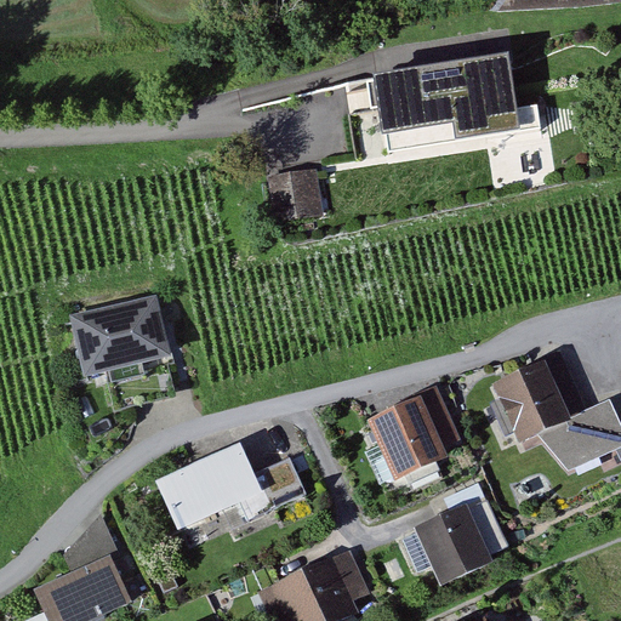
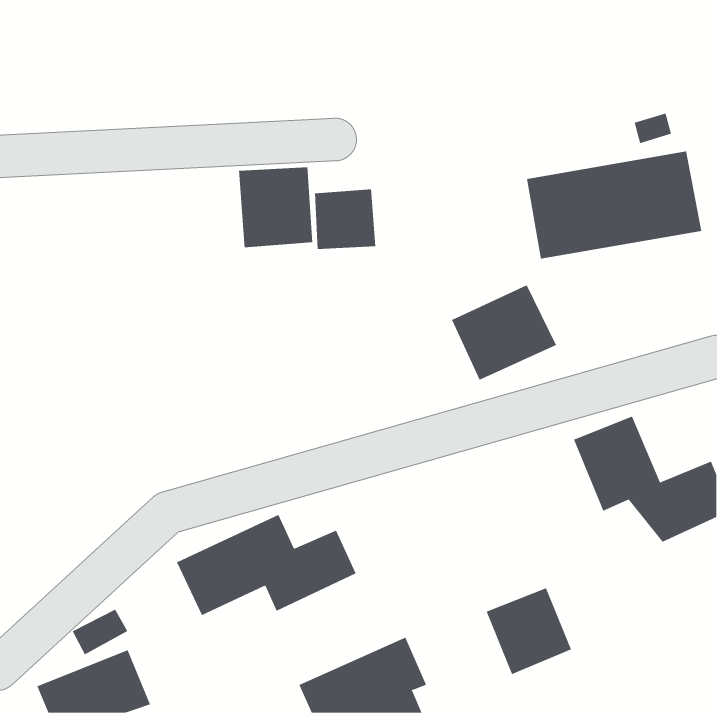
building: [369,59,520,153] -> [526,151,702,259]
building: none -> [238,166,313,248]
building: [70,298,167,372] -> none
building: [370,388,461,471] -> [451,285,557,380]

